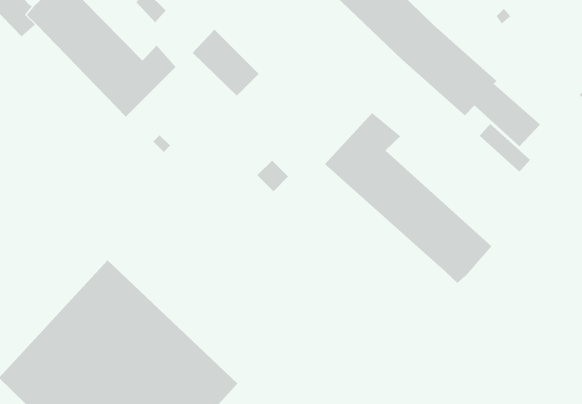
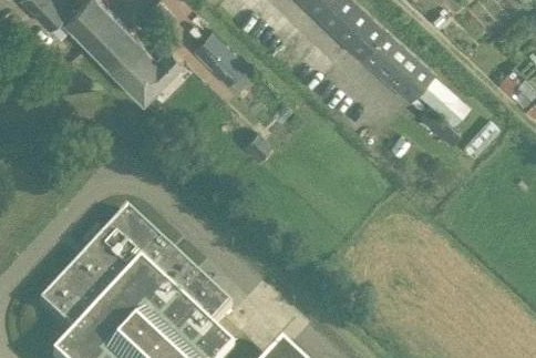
building: [324,112,492,284] -> none

